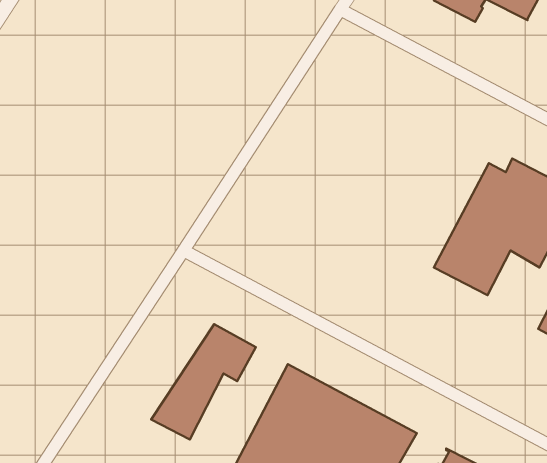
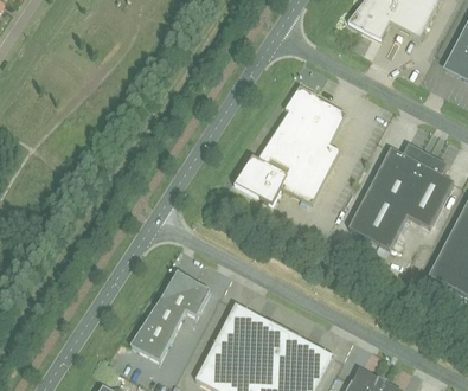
building: none -> [238,85,347,204]

